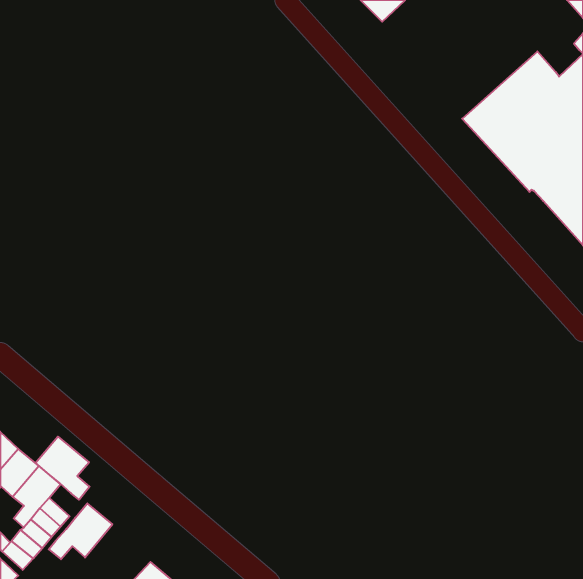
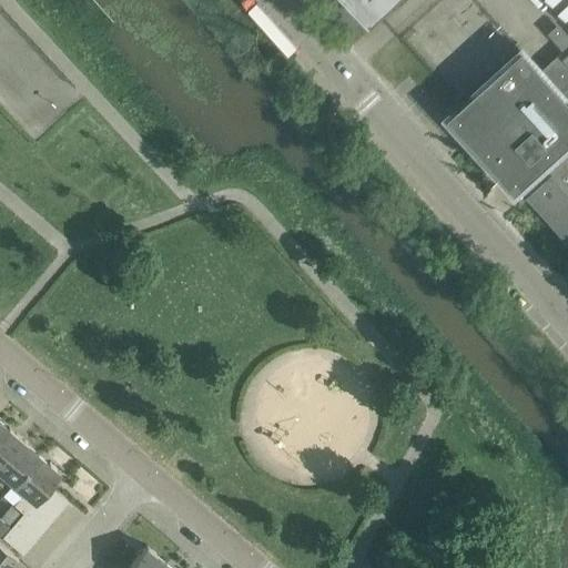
building: [35,437,90,500] -> none
building: [49,503,112,559] -> none

